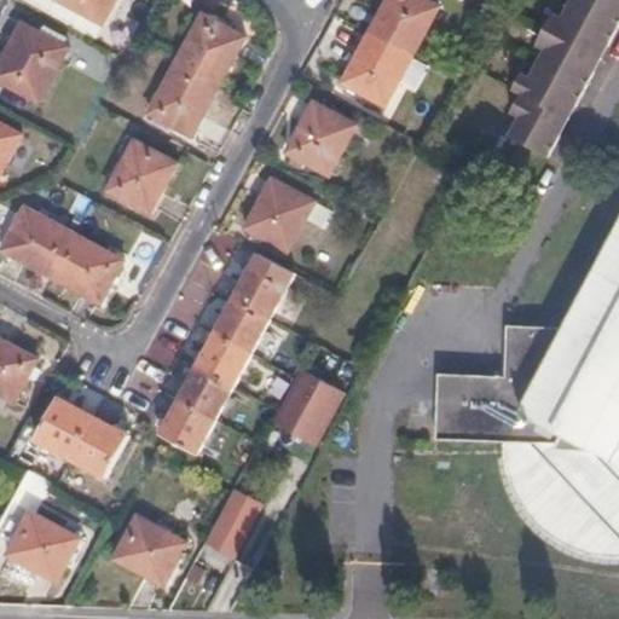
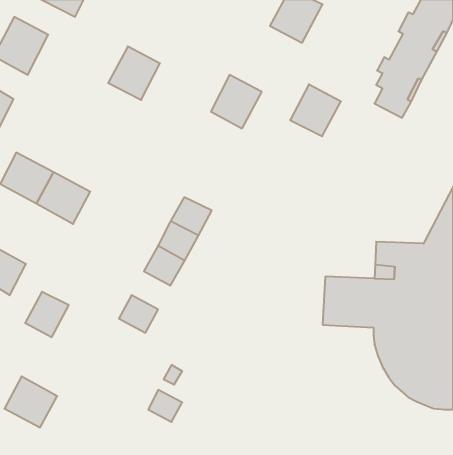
building: [173,13,243,86] -> none
building: [340,35,409,105] -> [290,84,341,136]
building: [105,139,175,212] -> none
building: [244,178,312,250] -> none
building: [178,368,231,420] -> none
building: [274,369,343,444] -> none
building: [70,413,128,476] -> none
building: [112,514,186,584] -> none

